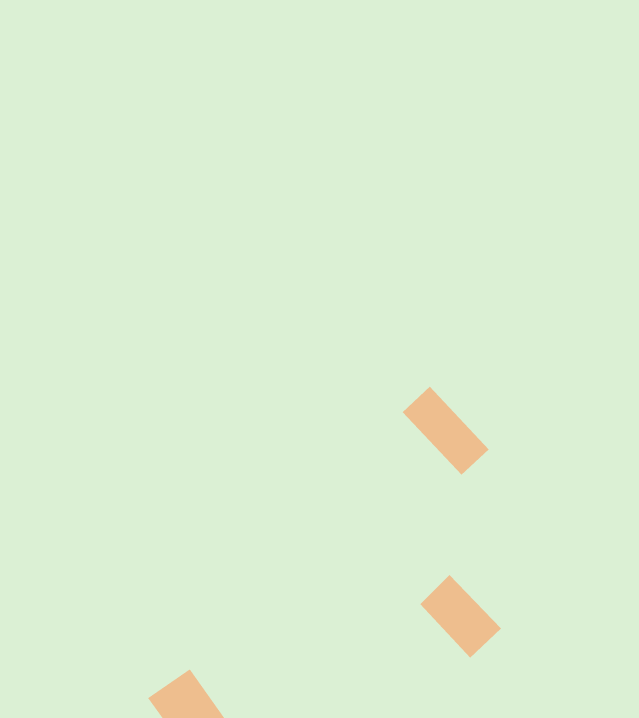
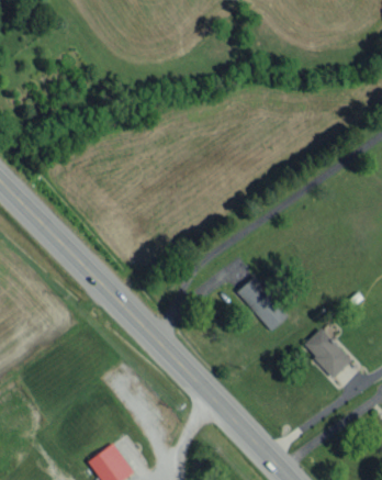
building: [420,574,502,658] -> [303,327,351,377]

